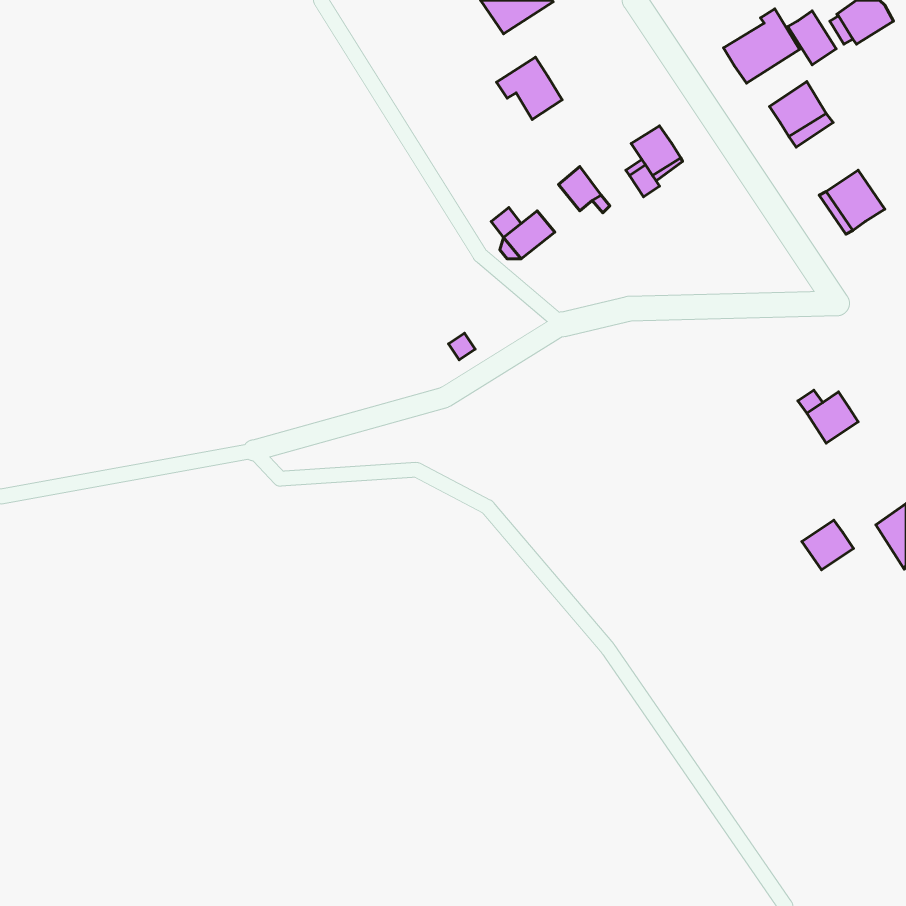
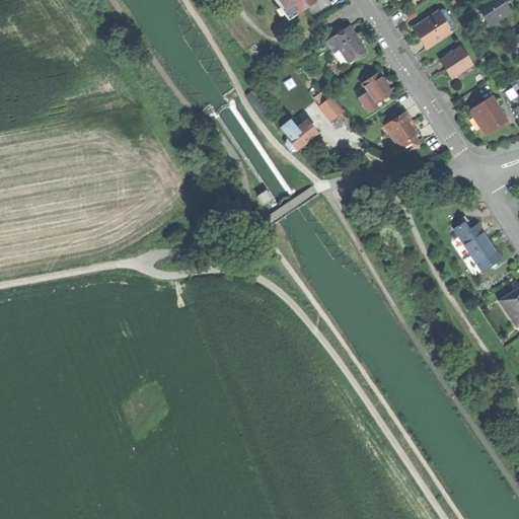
building: [788,11,836,65] -> none
building: [497,57,562,119] -> [327,27,365,63]
building: none -> [383,113,422,149]
building: [802,520,853,570] -> [472,241,502,270]

